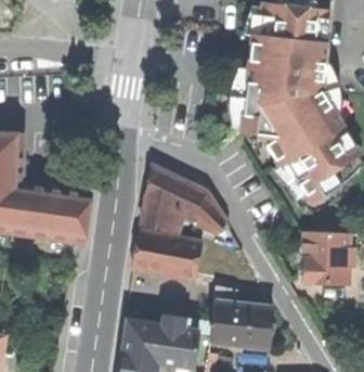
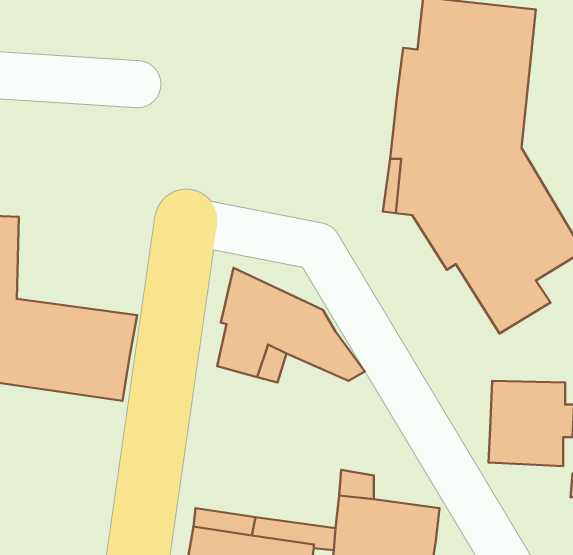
building: [133,232,201,281] -> none

